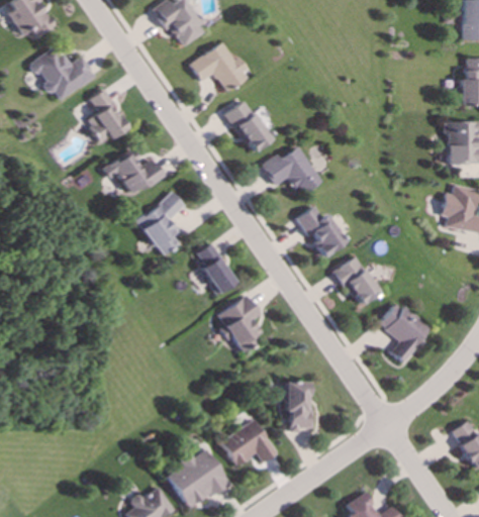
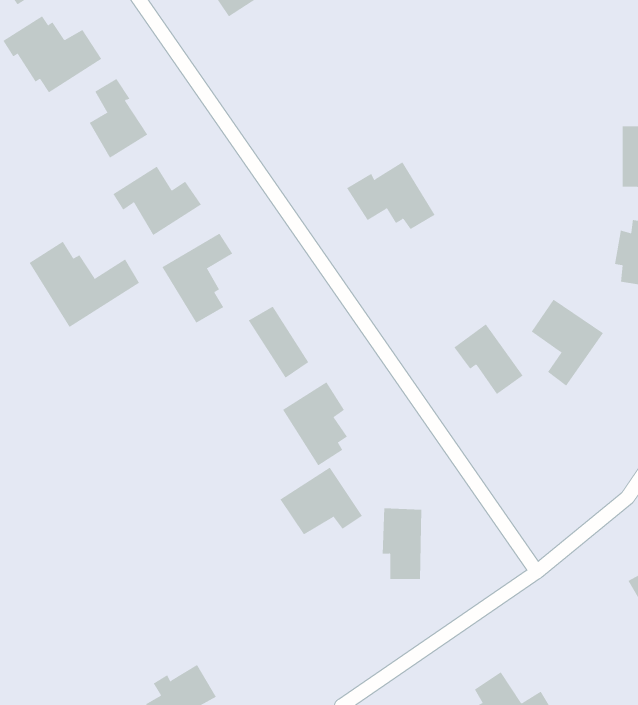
building: [190,43,251,92] -> none
building: [224,101,272,153] -> none
building: none -> [29,241,140,328]
building: [299,207,346,257] -> none
building: [380,304,429,364] -> [531,299,604,387]
building: [220,420,277,467] -> [280,467,363,535]
building: [167,449,229,511] -> none

